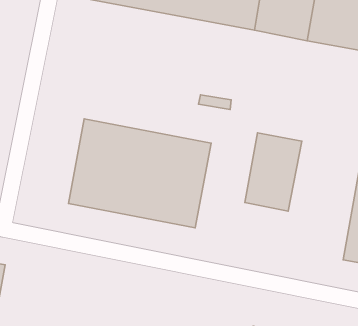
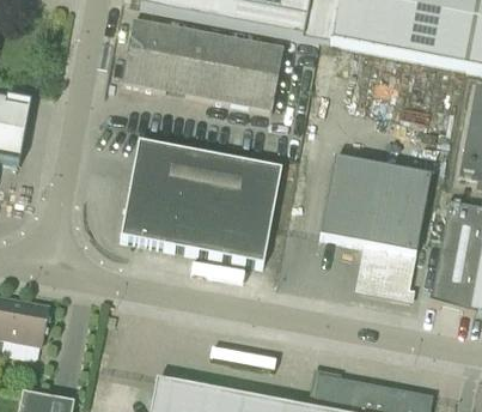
building: none -> [121,17,282,108]
building: none -> [361,164,431,293]

